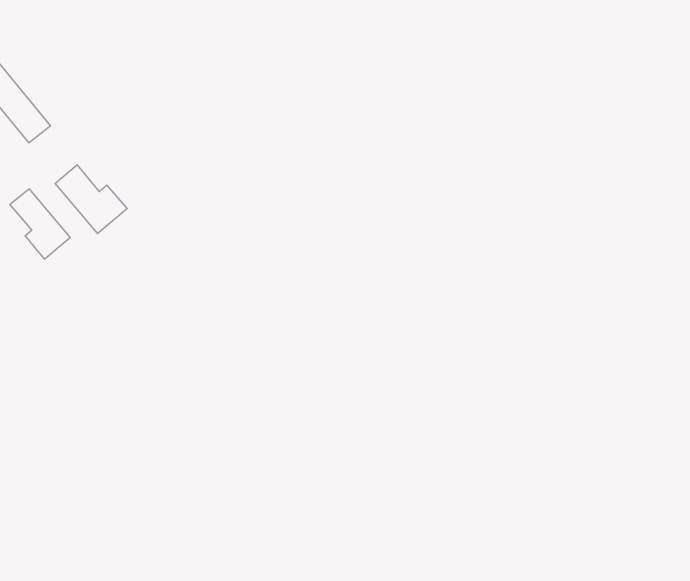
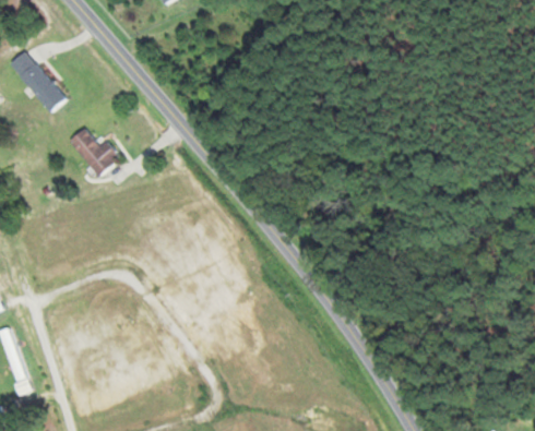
building: [10,189,70,259] -> none

